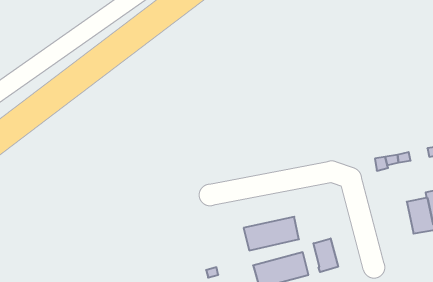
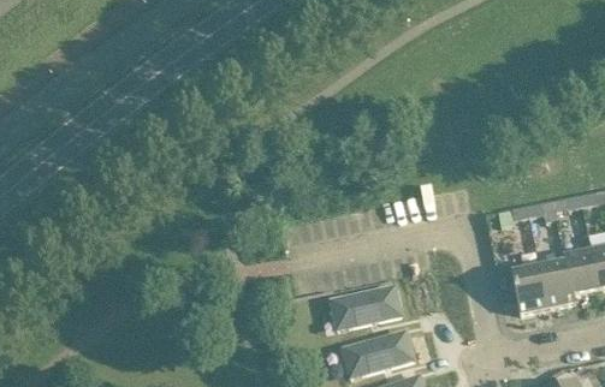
building: none -> [512,264,548,311]
building: [313,238,338,272] -> none

